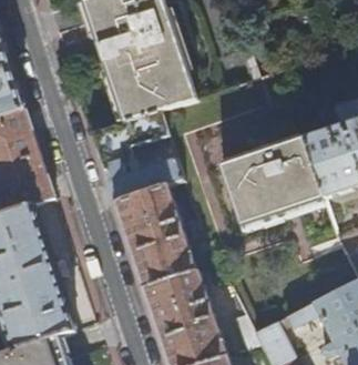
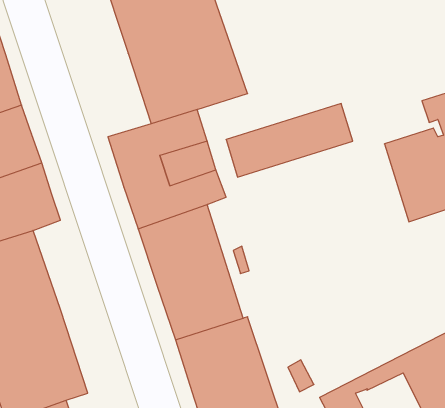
building: [222,136,323,223] -> none

